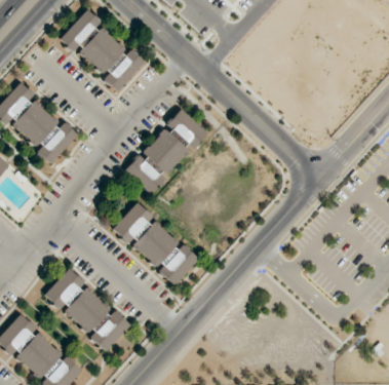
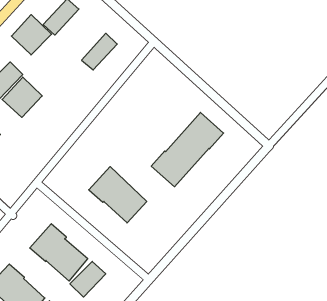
building: [78,27,124,73] -> [11,15,52,55]
building: [123,109,206,194] -> [151,112,224,187]
building: [37,122,77,164] -> none
building: [155,244,196,285] -> none

